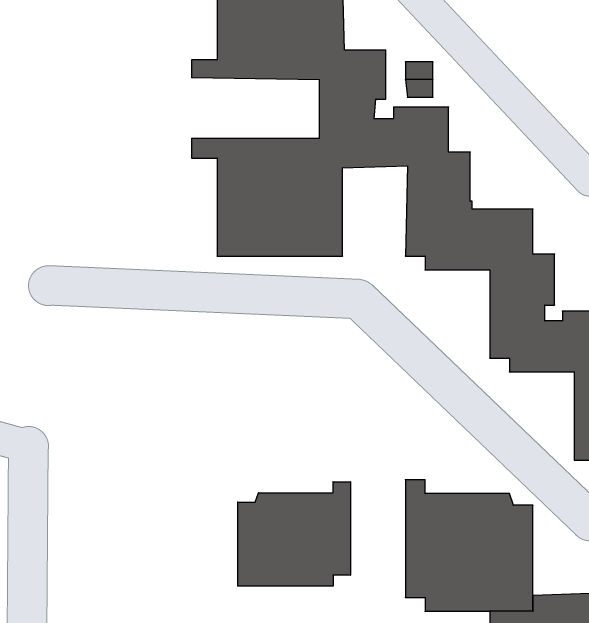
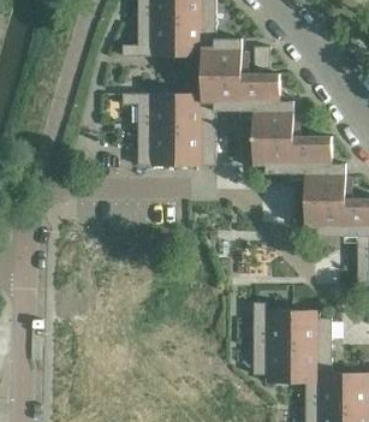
building: [238,482,350,586] -> none

